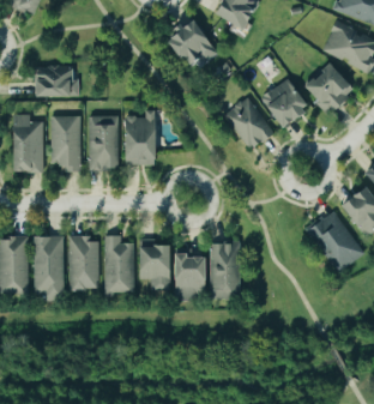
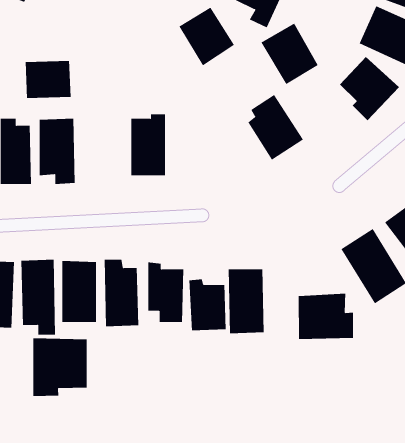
building: [261,77,310,129] -> [261,23,318,85]
building: [86,114,119,168] -> none
building: none -> [298,293,354,340]
building: none -> [33,338,87,397]

